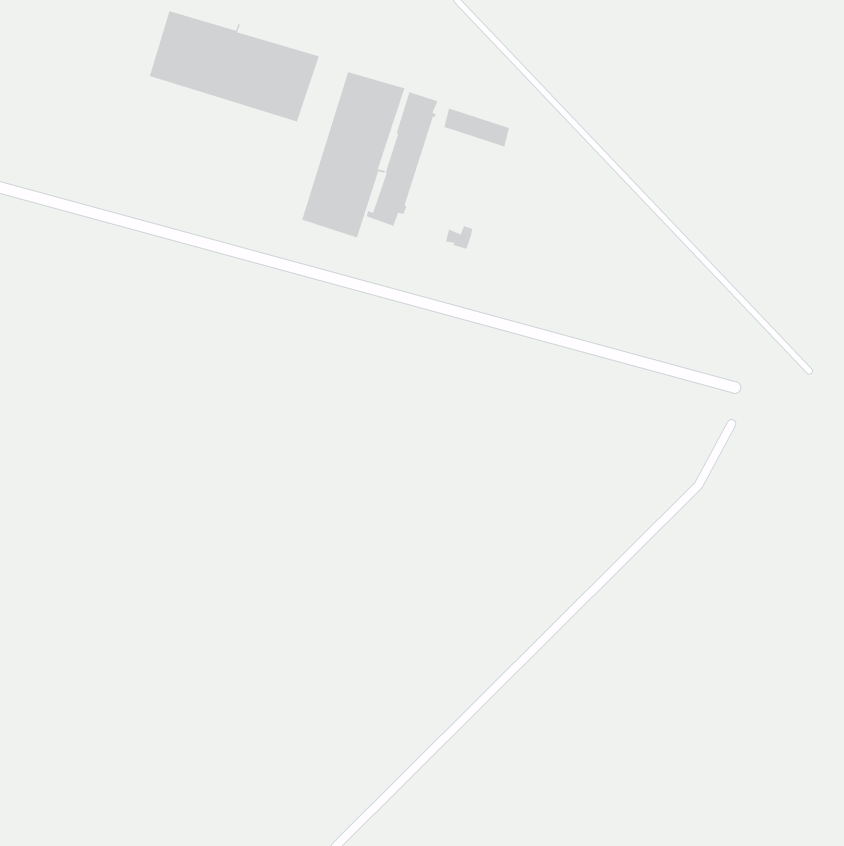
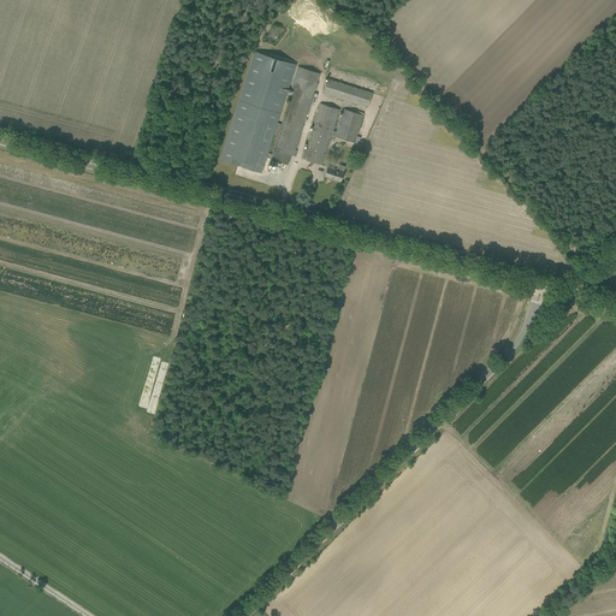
building: [149,10,320,123] -> none
building: none -> [301,102,362,165]

